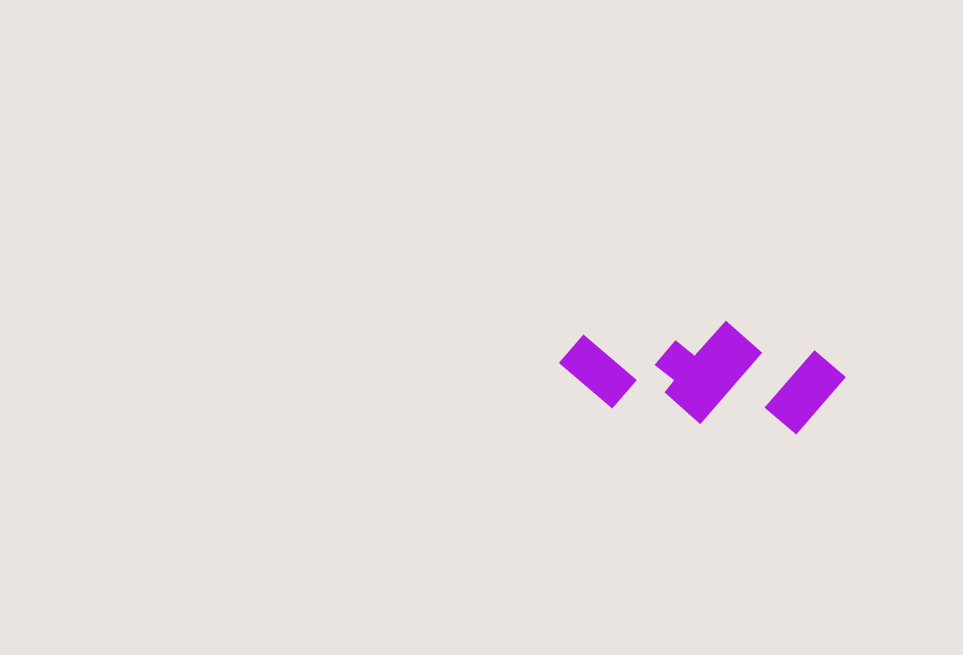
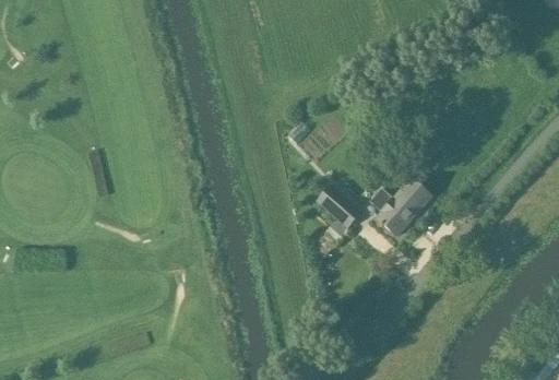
building: [764,349,847,435] -> none

